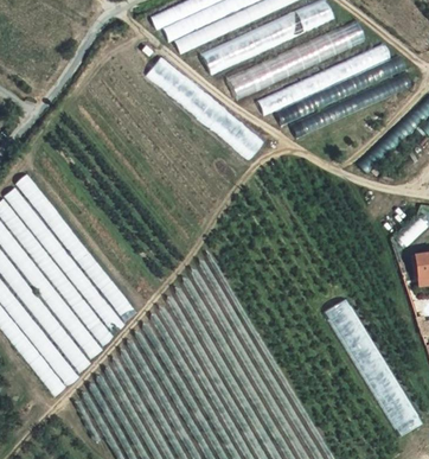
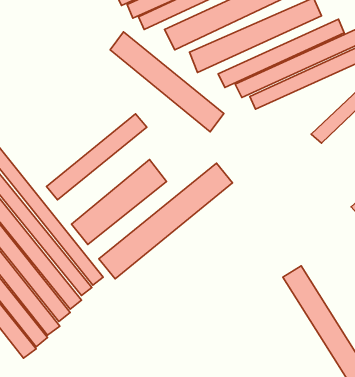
building: none -> [47,114,147,200]
building: none -> [71,160,167,245]
building: none -> [99,163,233,279]

